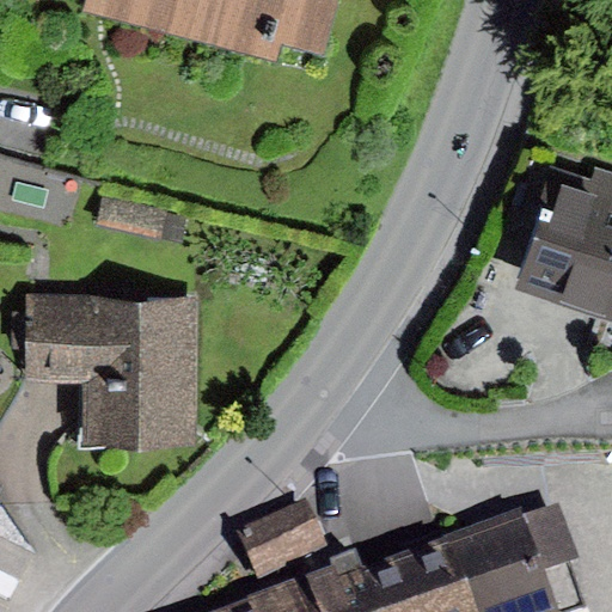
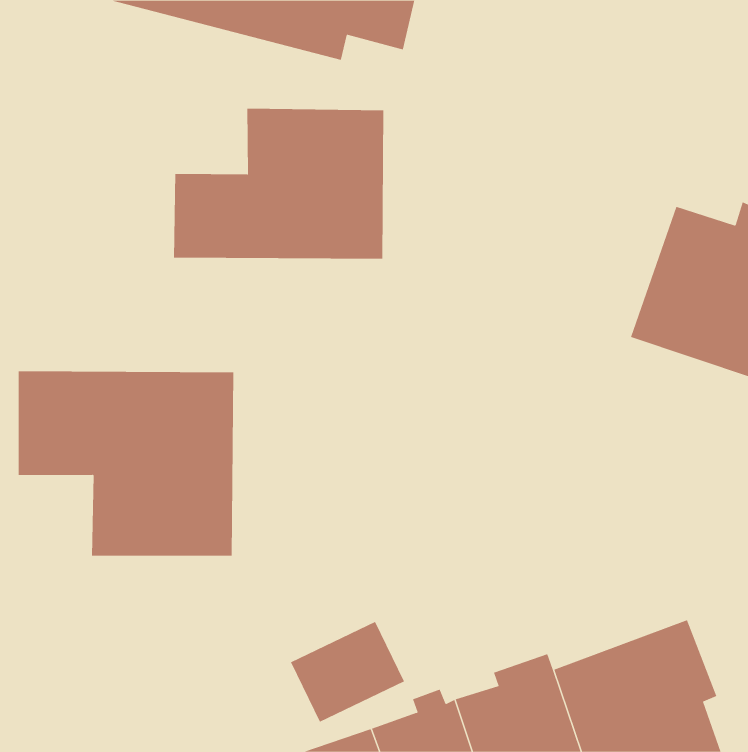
building: none -> [174,108,384,260]

